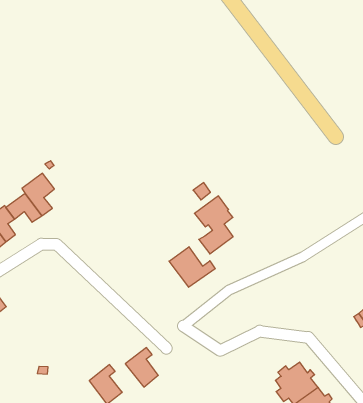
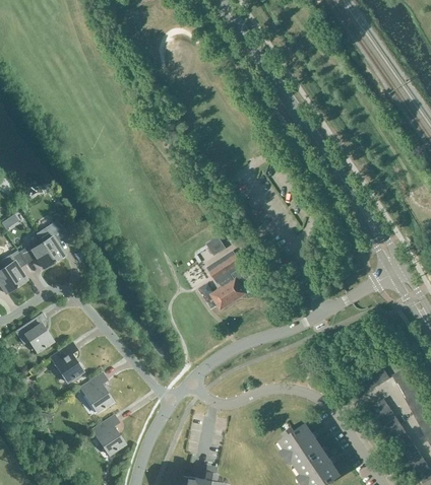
building: [169,247,215,287] -> none
building: none -> [13,313,52,352]
building: none -> [50,343,82,382]
building: [125,348,158,387] -> [79,372,112,412]

